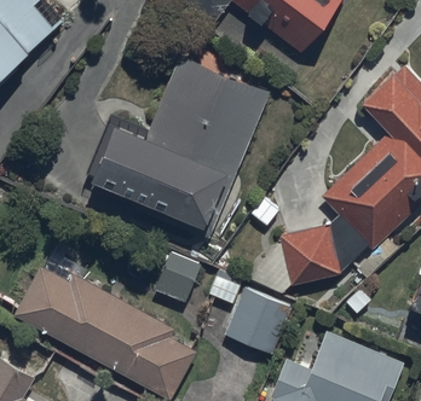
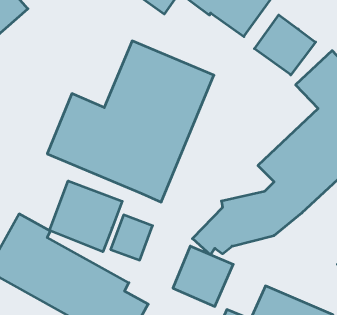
building: none -> [254,15,316,75]
building: none -> [50,181,122,252]

